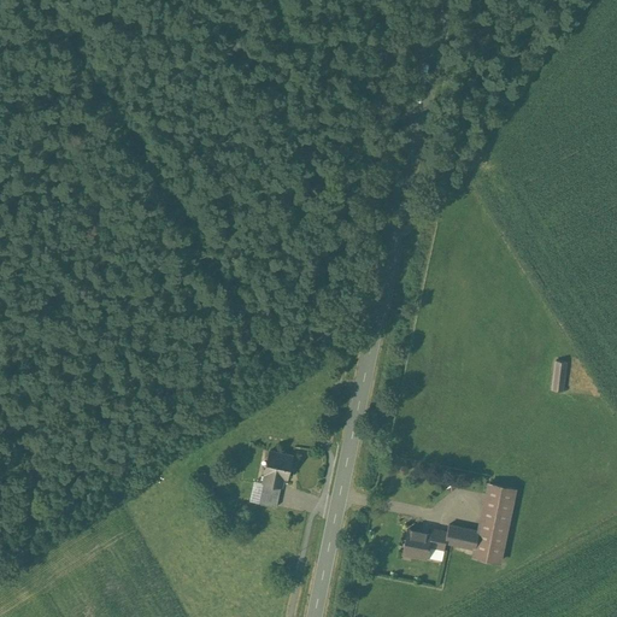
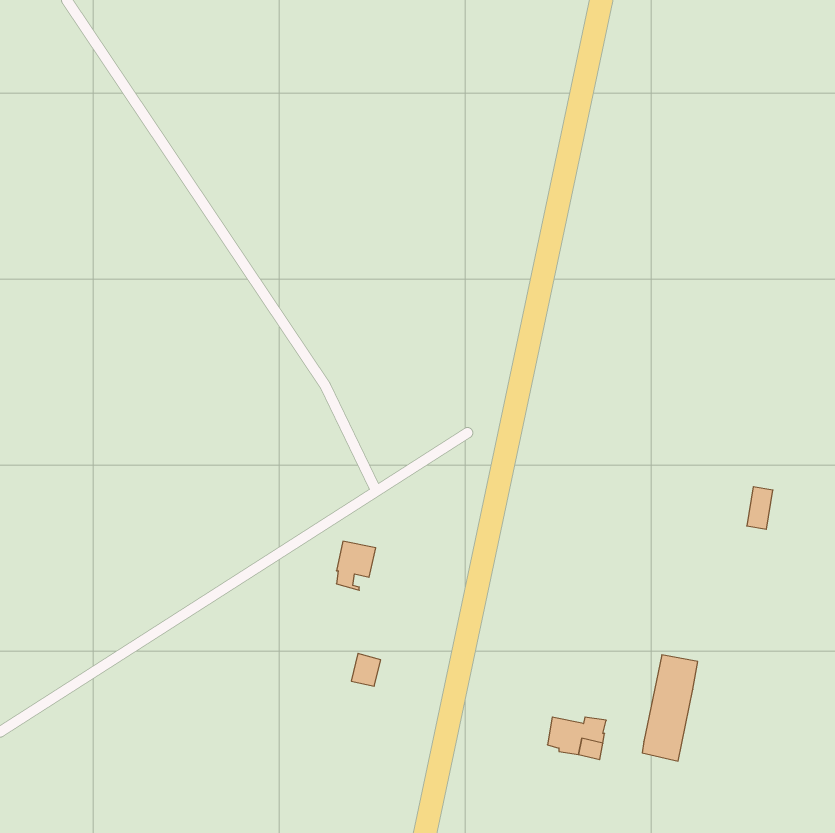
building: [264,452,293,488] -> [336,541,376,590]
building: [445,525,478,548] -> none

